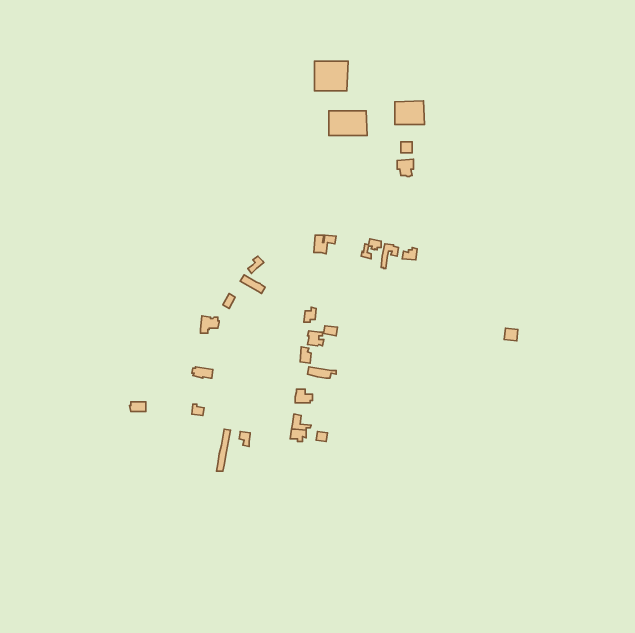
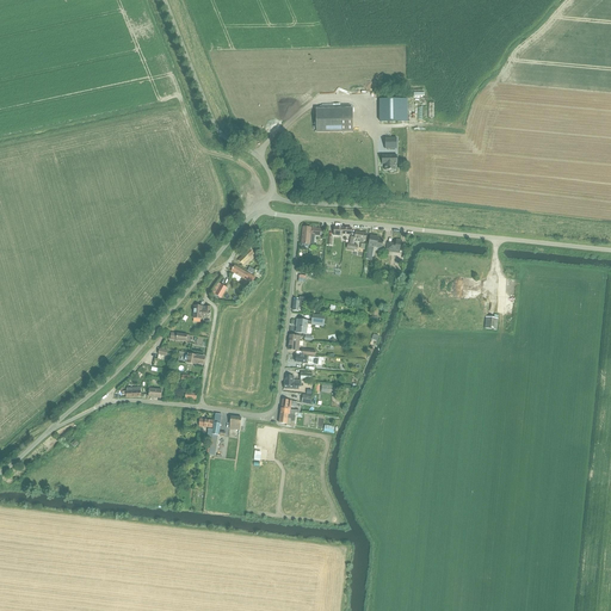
building: [314,61,348,91] -> none

